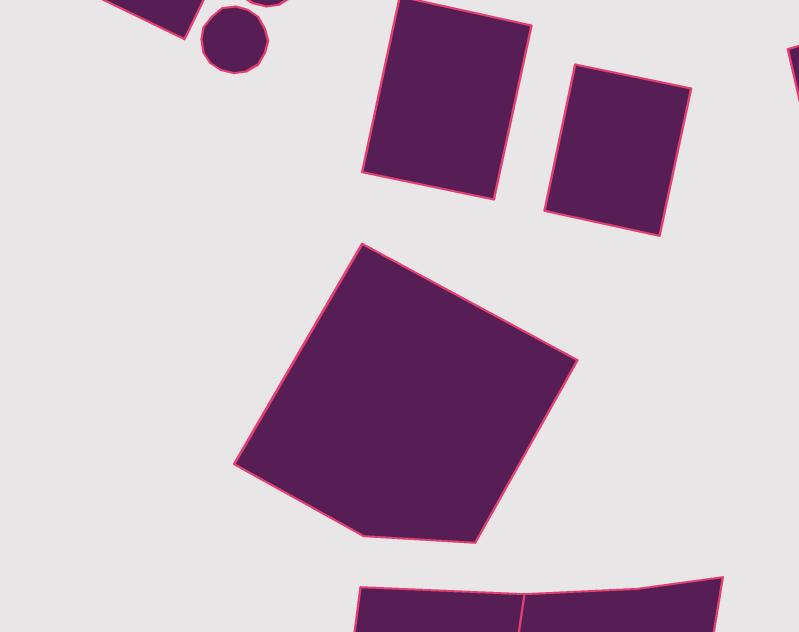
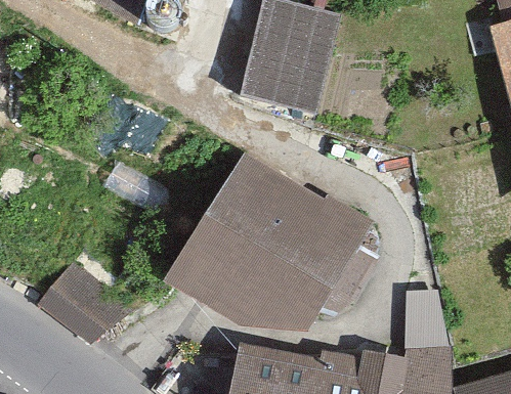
building: [544,64,691,236] -> none
building: none -> [46,262,131,343]

